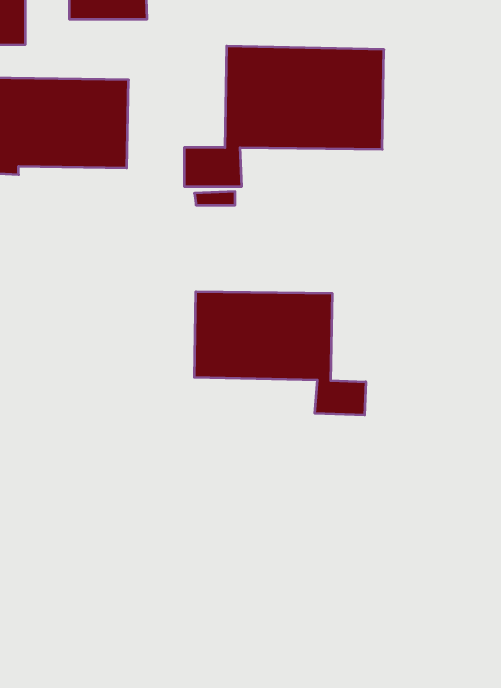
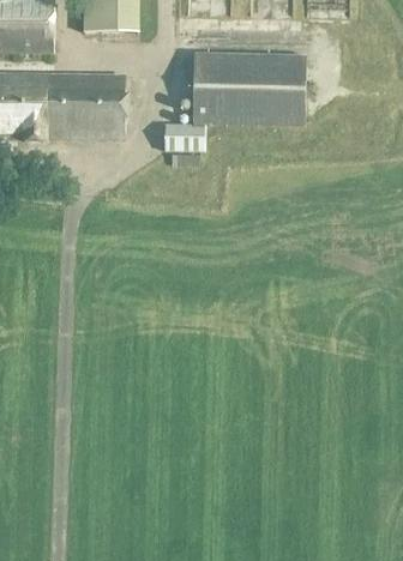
building: [194,292,366,415] -> none

